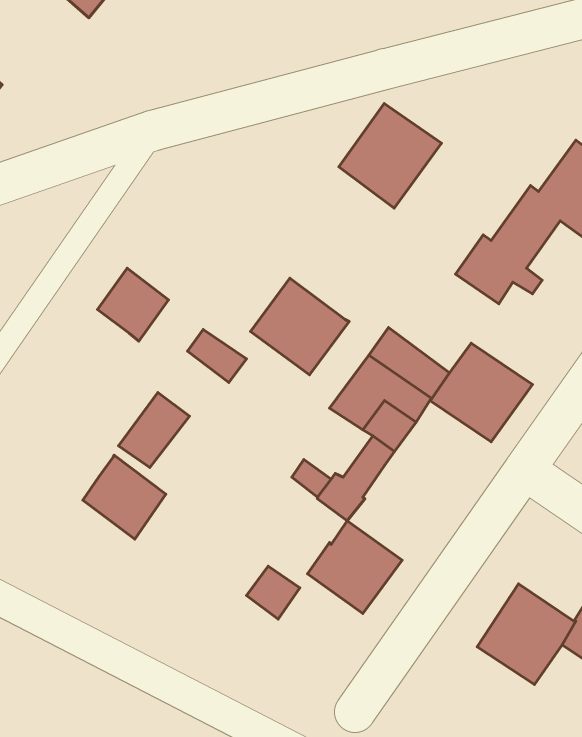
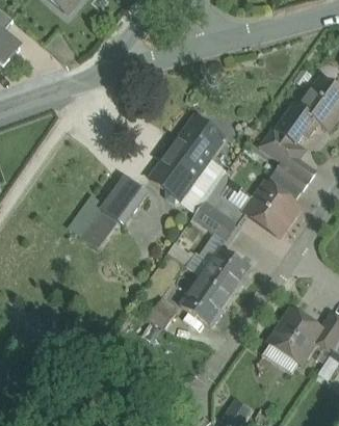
building: [339,104,441,208] -> [171,114,225,169]
building: [97,268,168,341] -> [101,186,138,224]
building: none -> [273,150,316,190]
building: [83,455,166,539] -> none
building: none -> [201,246,251,296]

